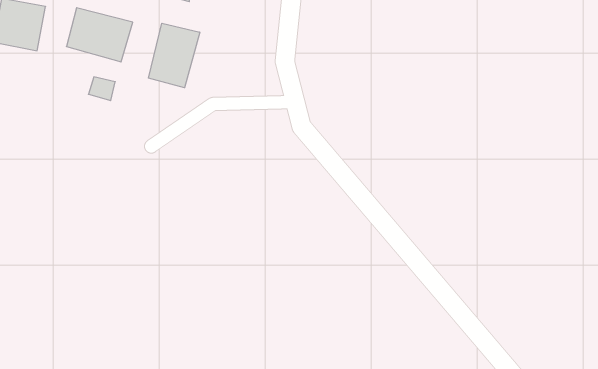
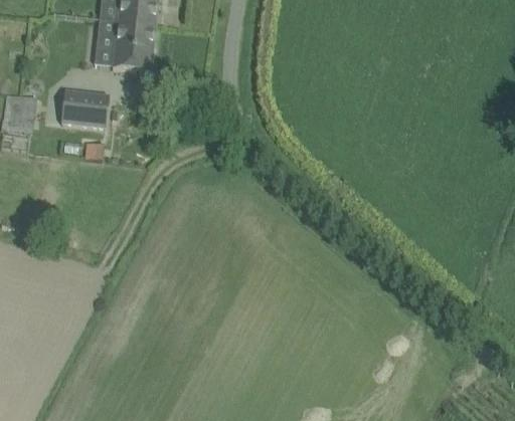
building: [148,23,200,88] -> none

